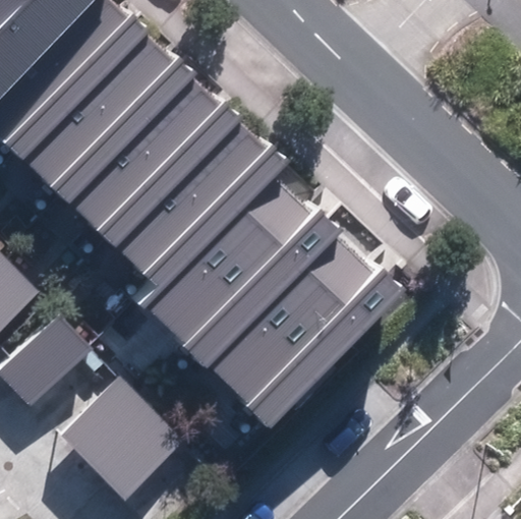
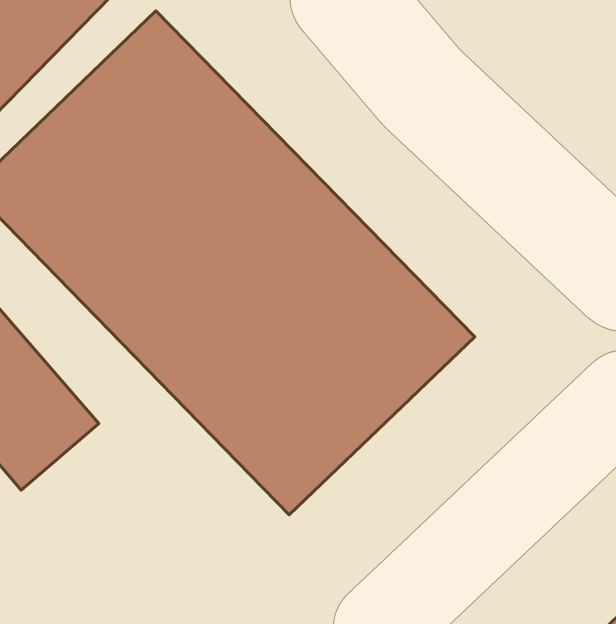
building: [63,382,184,502] -> none

